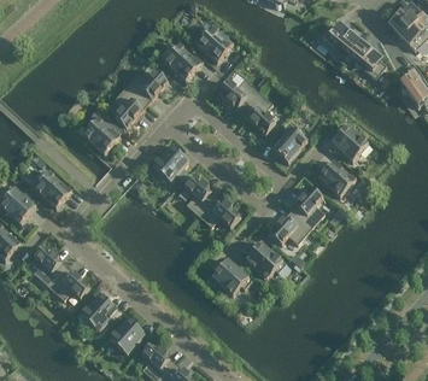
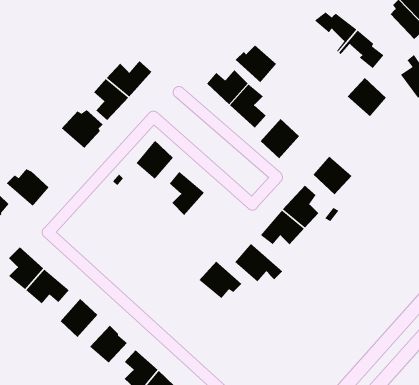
building: [192,27,231,63] -> [235,45,277,83]
building: [162,43,199,80] -> none
building: [329,124,367,162] -> [347,77,387,117]
building: [197,194,239,227] -> none

